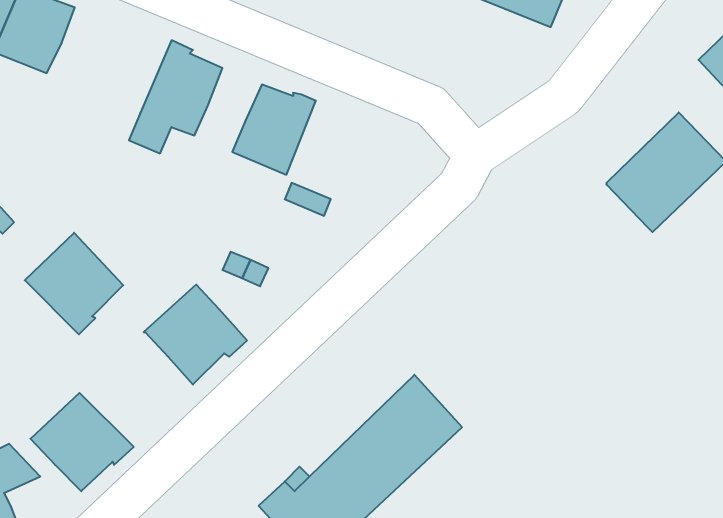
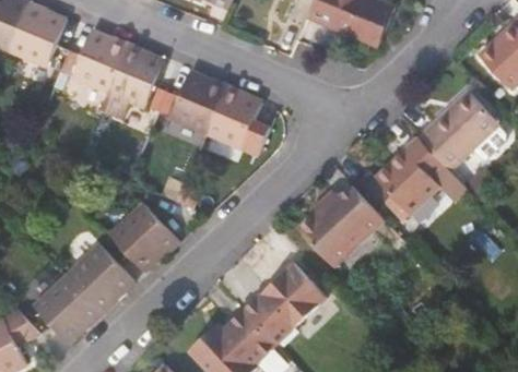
building: none -> [70,32,129,91]
building: none -> [205,83,270,153]
building: none -> [377,139,467,214]
building: [25,233,123,334] -> [68,245,133,313]
building: none -> [299,187,380,262]

